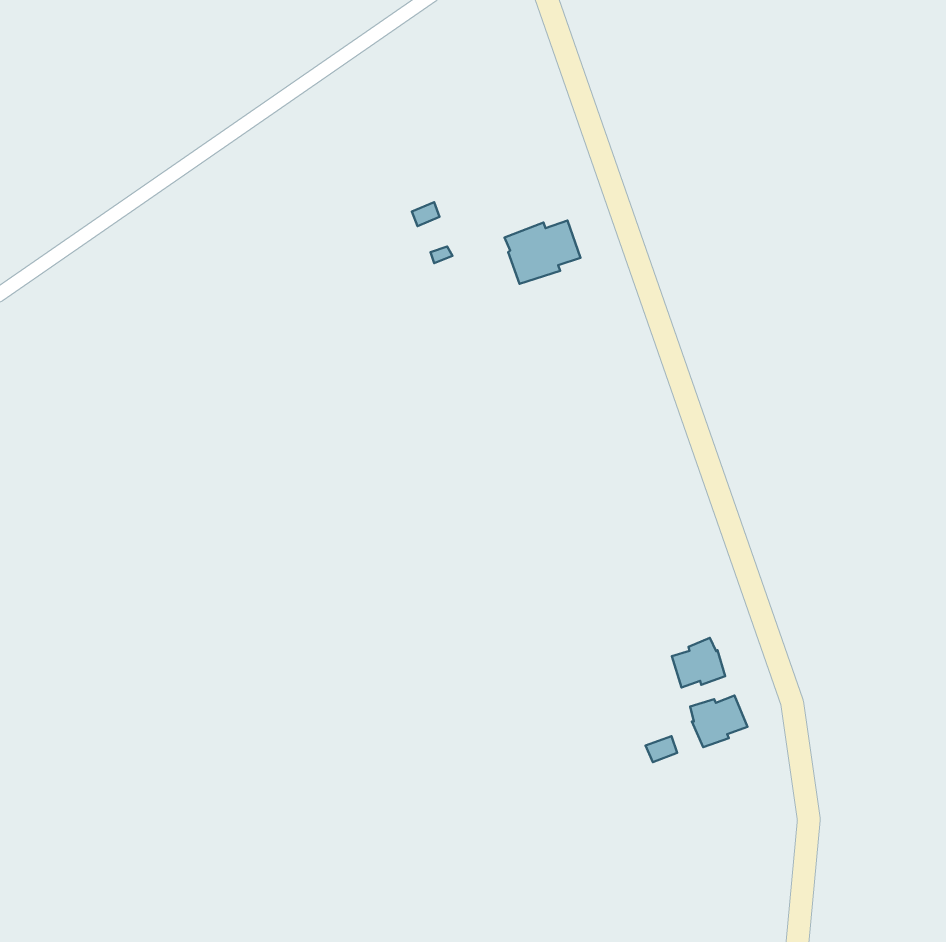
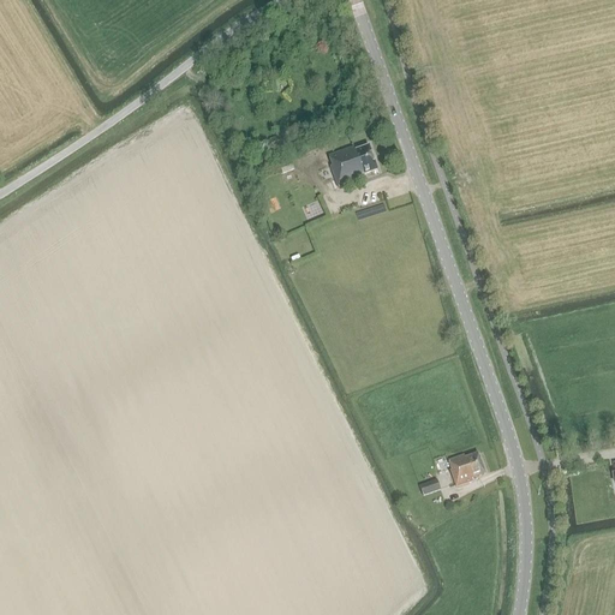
building: [672,638,725,688] -> none

